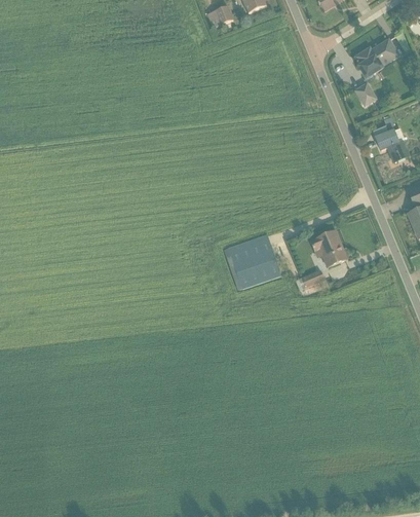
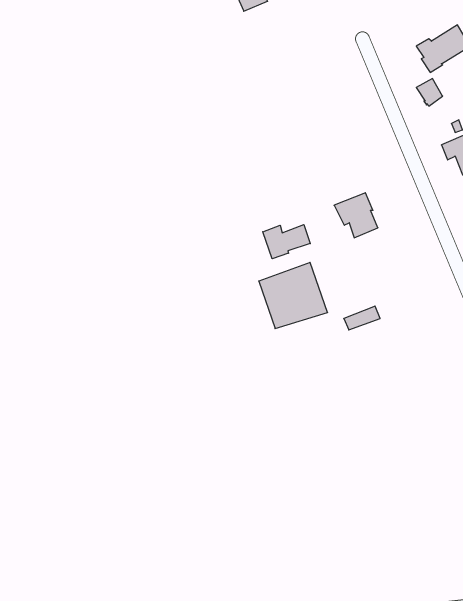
building: none -> [263,225,310,259]
building: [309,230,345,267] -> [334,193,378,238]

